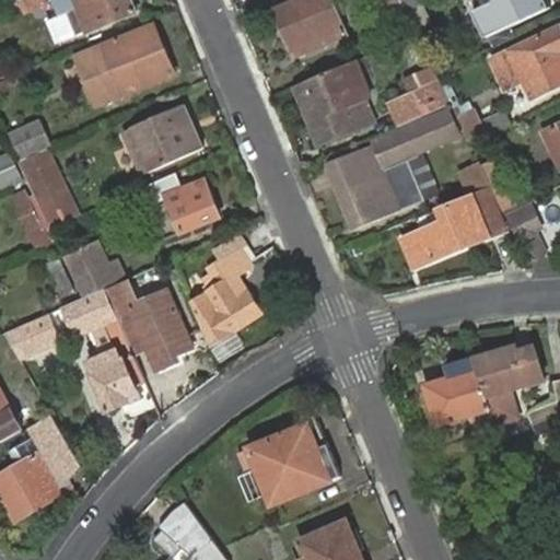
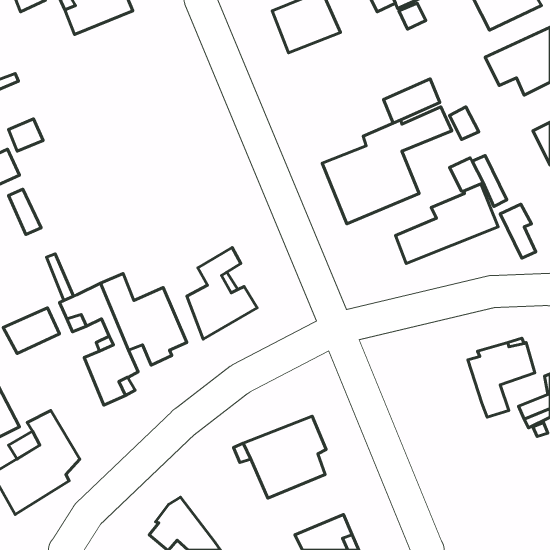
building: [74,24,172,104] -> none
building: [293,60,368,145] -> none
building: [132,104,201,168] -> none
building: [19,147,73,225] -> none
building: [139,178,219,244] -> none
building: [62,238,120,293] -> none
building: [423,359,488,424] -> none

